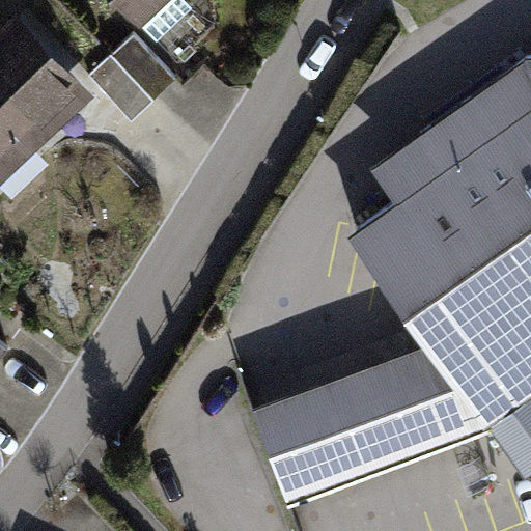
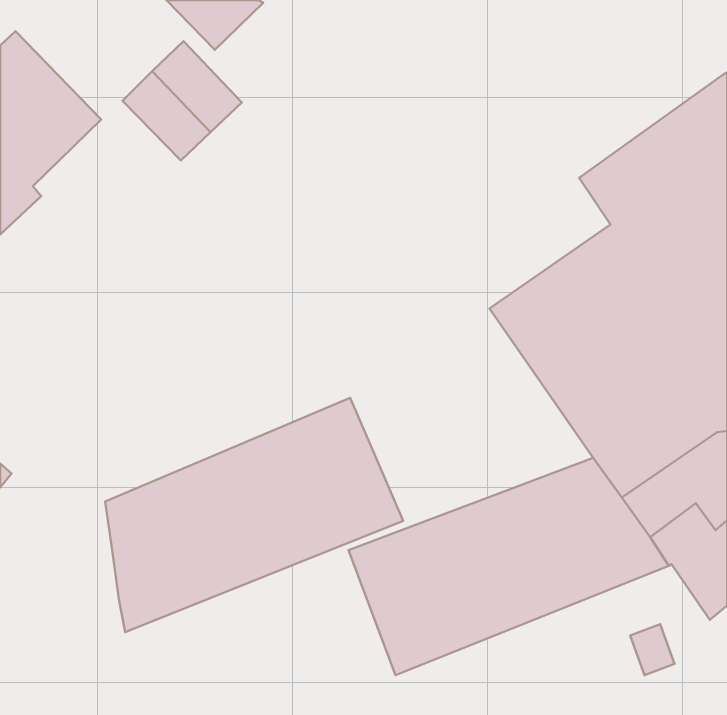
building: none -> [105,398,403,632]

